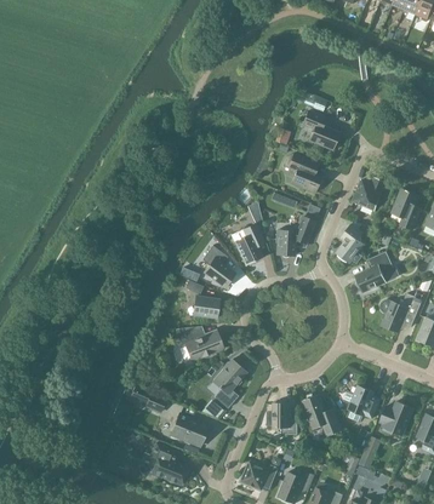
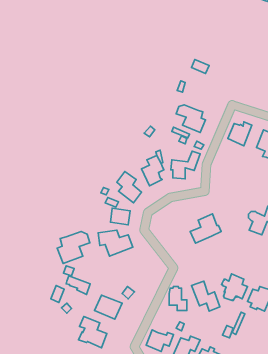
building: [303,110,339,149] -> none
building: [336,223,365,263] -> none
building: [356,251,399,291] -> [190,214,221,243]
building: none -> [57,232,90,263]
building: [213,359,246,407] -> none

